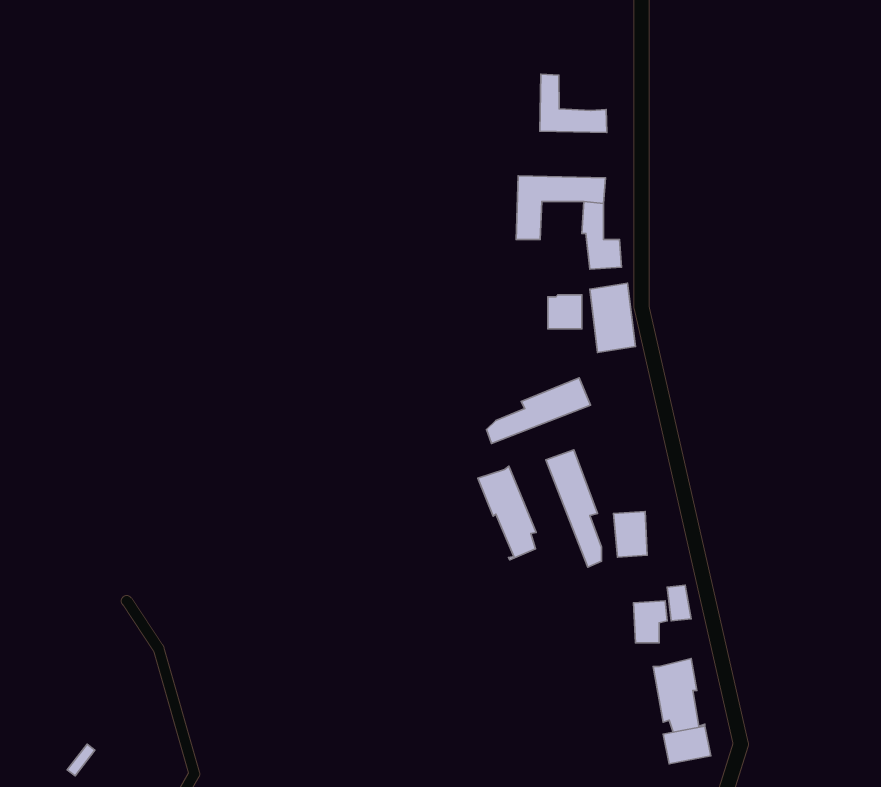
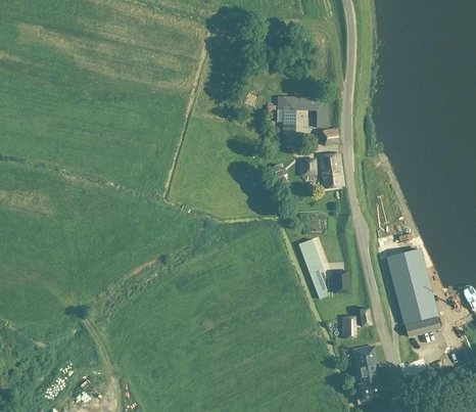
building: [540,74,607,133] -> none
building: [486,378,591,444] -> none
building: [478,466,536,560] -> none
building: none -> [386,247,439,335]

